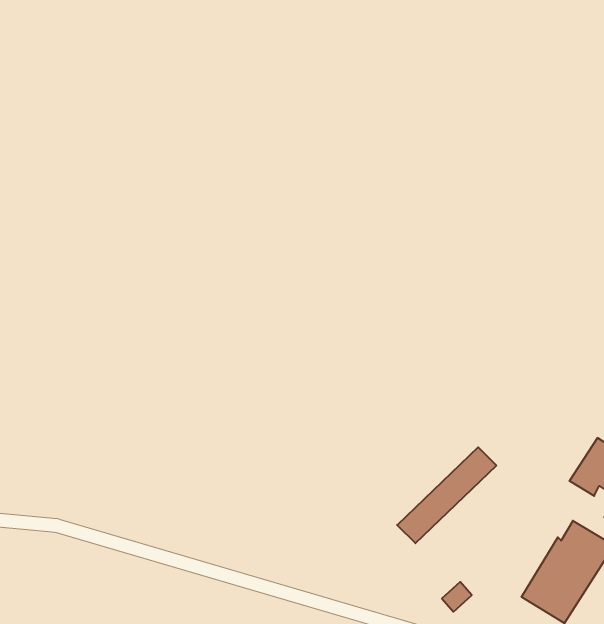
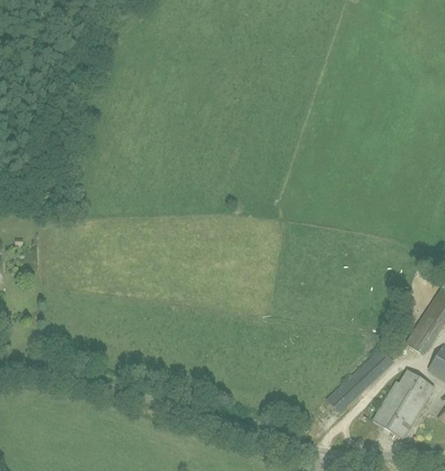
building: [397,447,496,543] -> [326,348,392,412]

